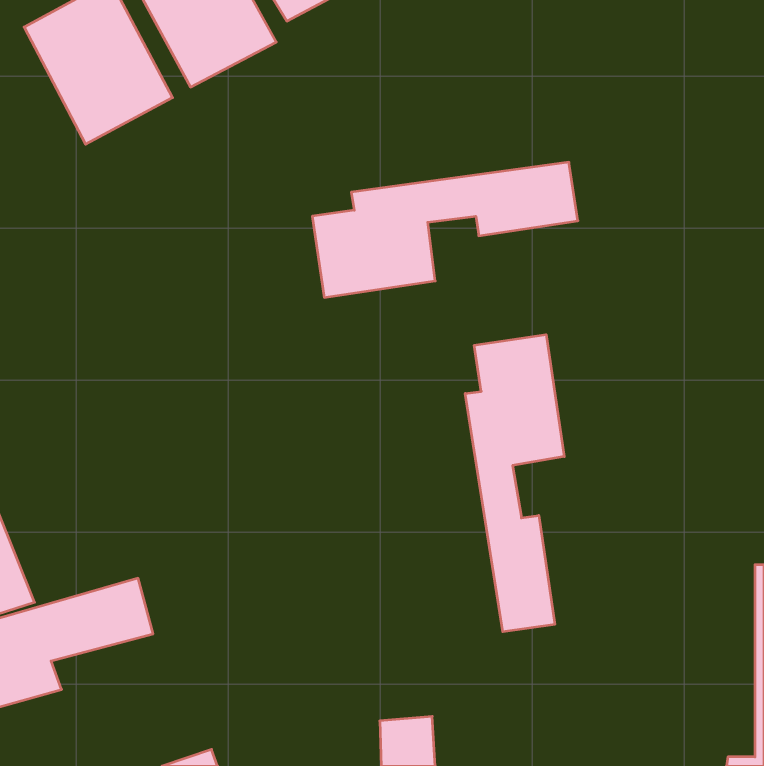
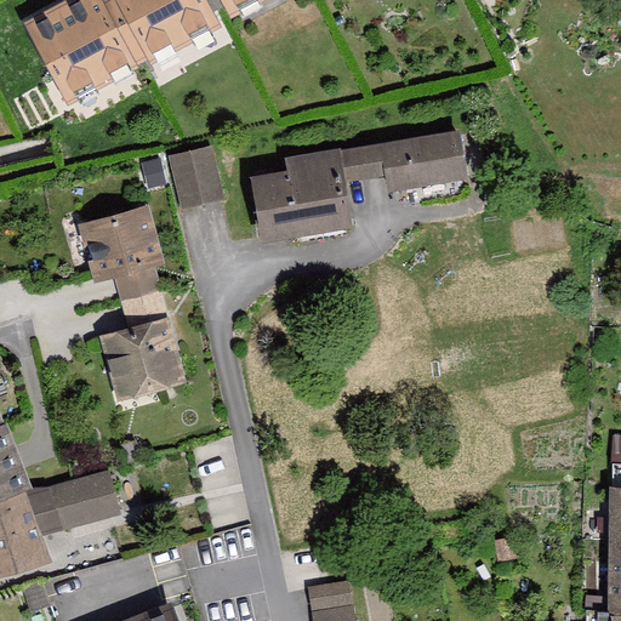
building: none -> [170,147,222,205]
building: none -> [80,207,186,398]
building: [465,335,564,632] -> none

